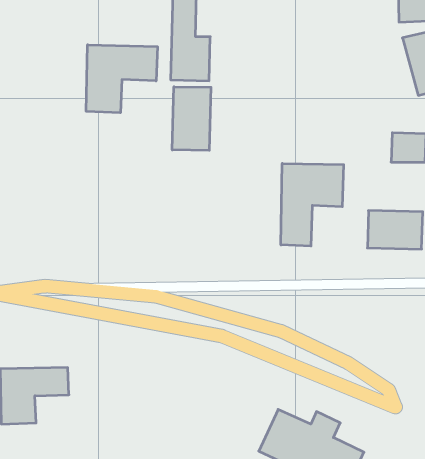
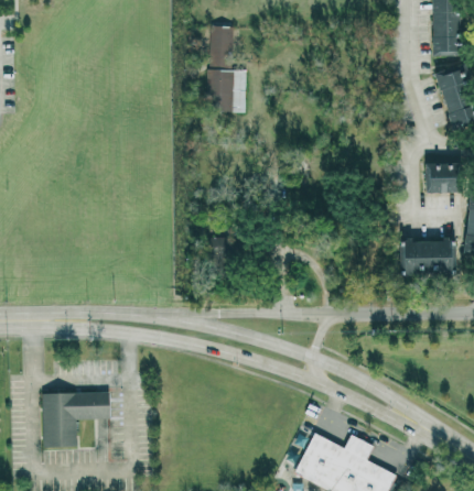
building: [86,45,157,113] -> none
building: [172,87,211,150] -> none
building: [281,163,344,246] -> none

